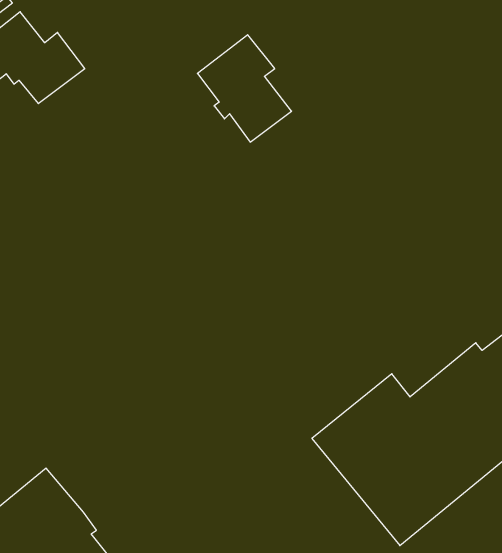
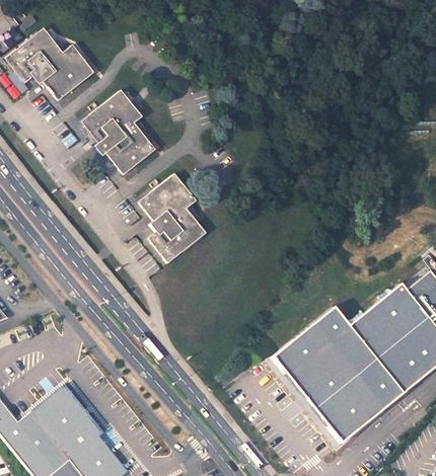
building: [197,35,292,142] -> [81,89,155,173]
building: none -> [138,172,205,261]

